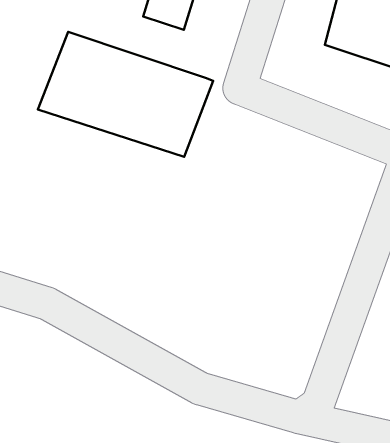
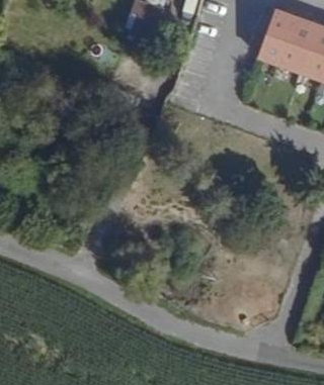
building: [38,32,213,157] -> none

